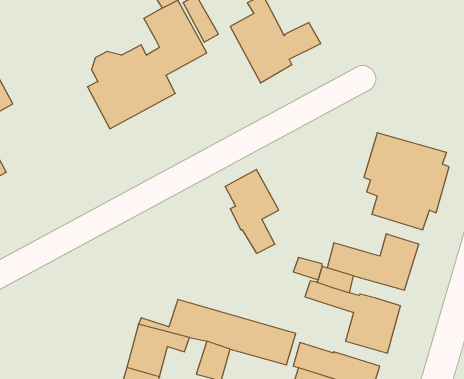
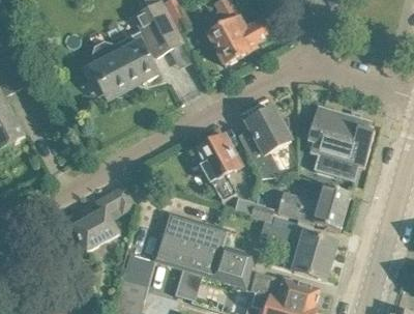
building: none -> [237,107,290,177]
building: none -> [71,185,134,252]
building: none -> [159,210,256,264]

